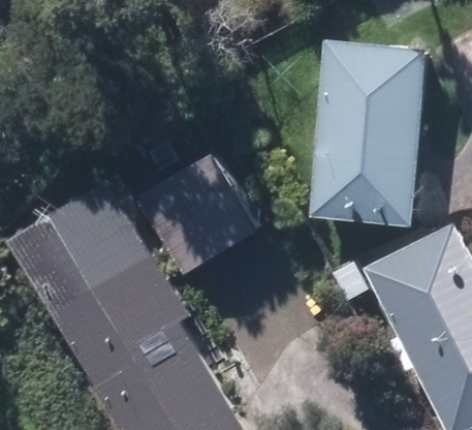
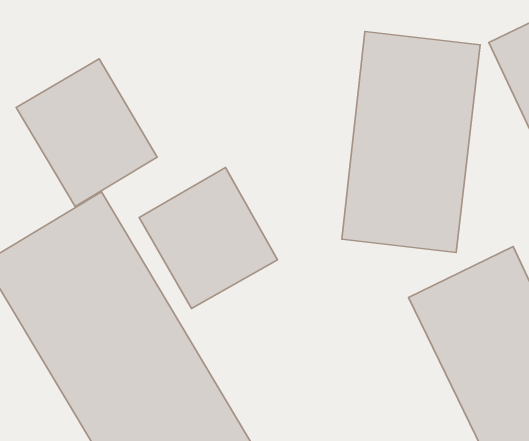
building: none -> [16,59,157,207]

